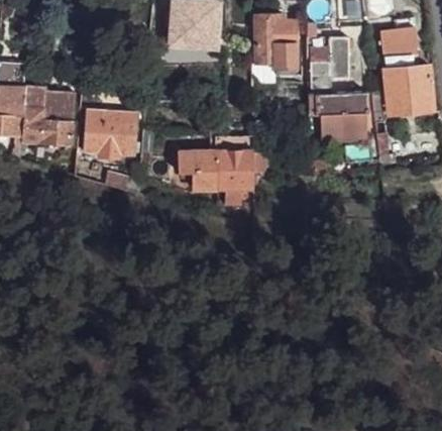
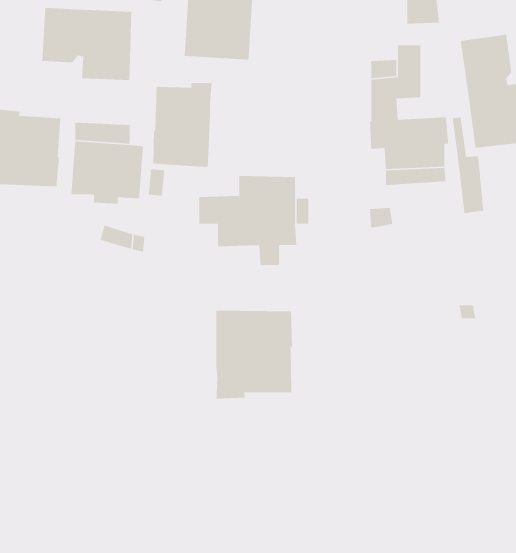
building: none -> [41,7,132,81]
building: [254,16,299,71] -> none
building: none -> [153,82,213,168]
building: none -> [215,310,293,400]

